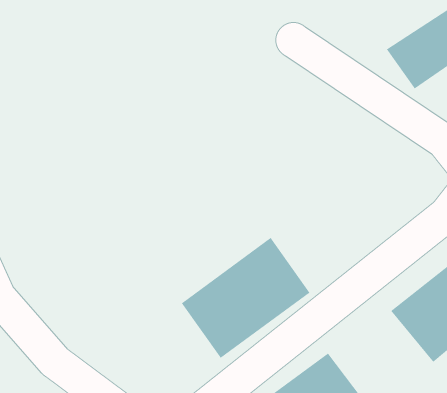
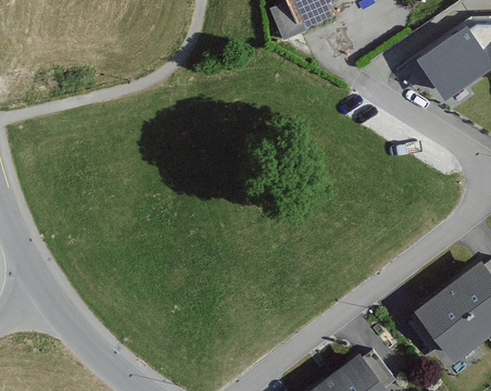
building: [181,237,310,359] -> none

